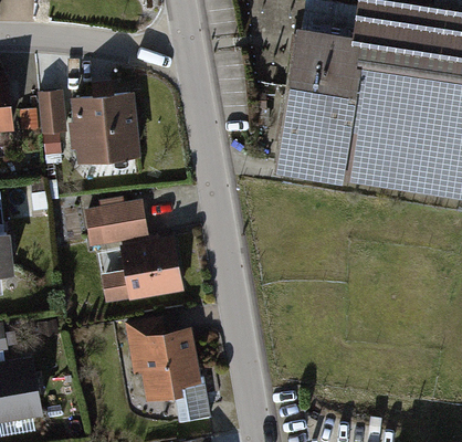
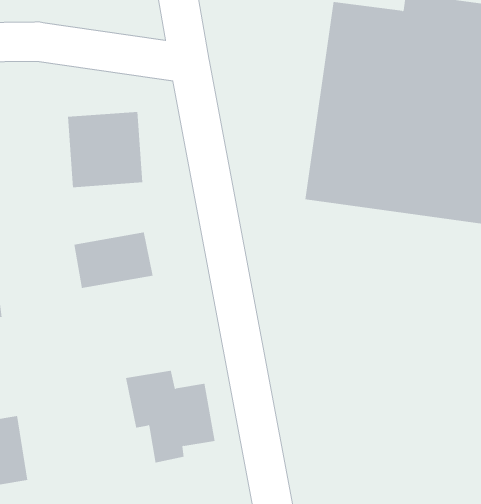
building: [34,93,67,138] -> none
building: [98,236,180,298] -> none
building: [174,379,209,420] -> none

